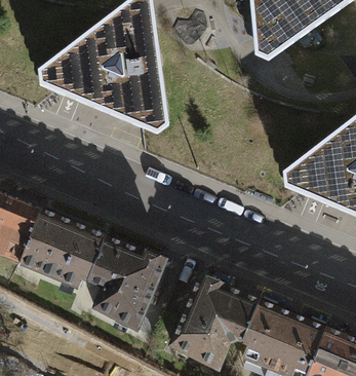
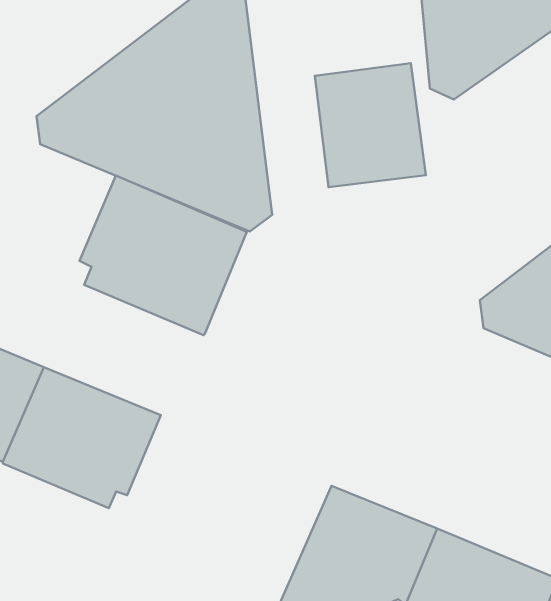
building: none -> [315,63,426,187]
building: none -> [80,176,247,335]
building: [87,236,163,328] -> none

